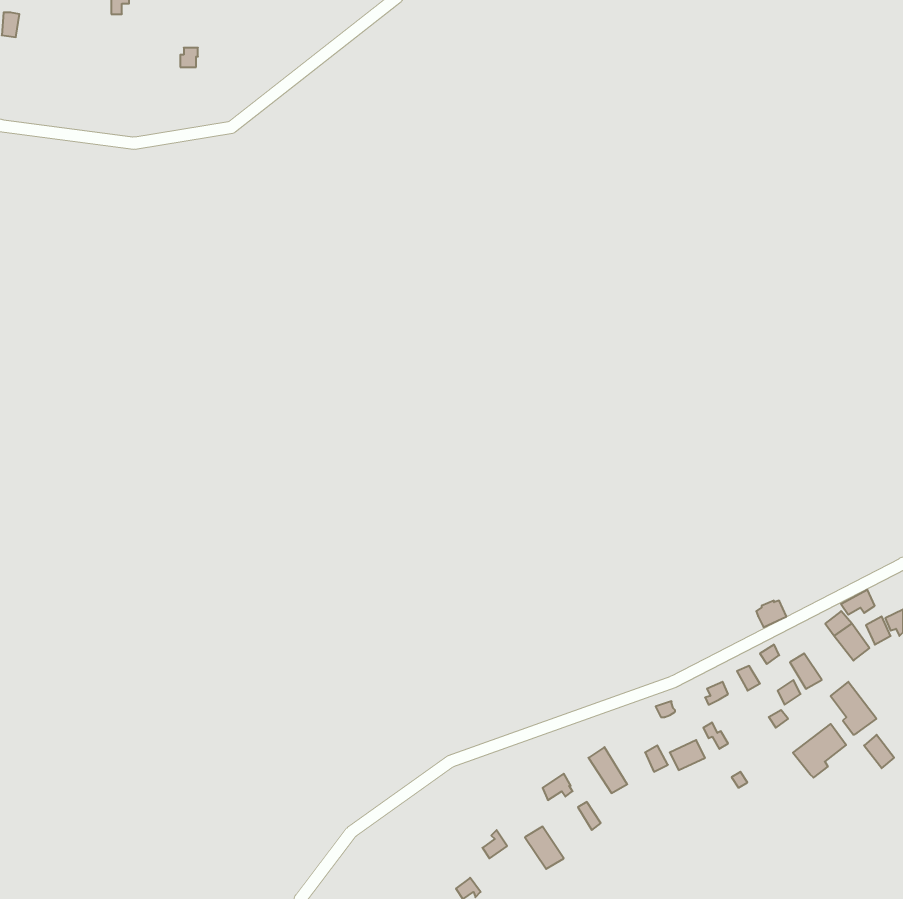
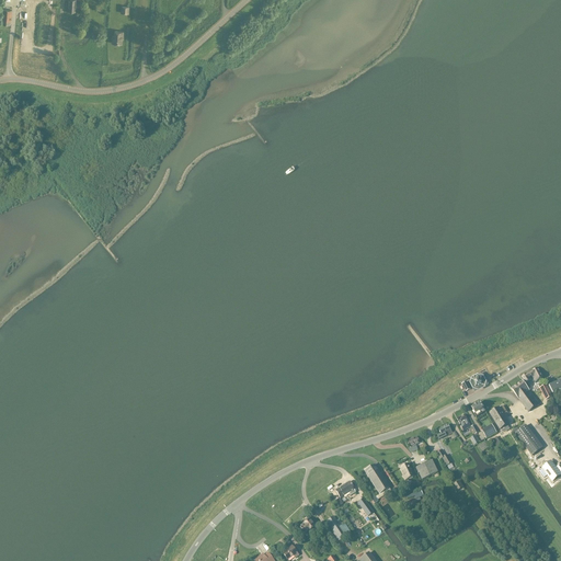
building: [793,724,846,778] -> none

